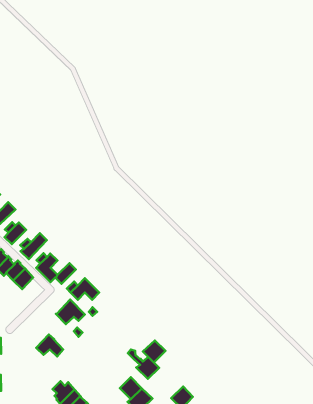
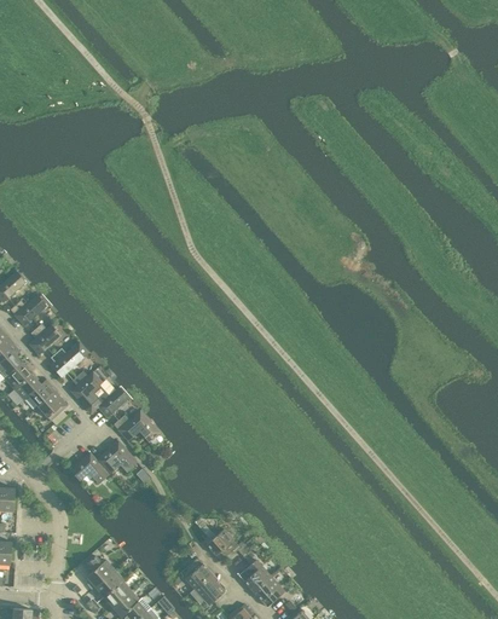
building: [36,334,63,357] -> [70,452,109,485]
building: [143,340,166,362] -> [238,560,271,591]

